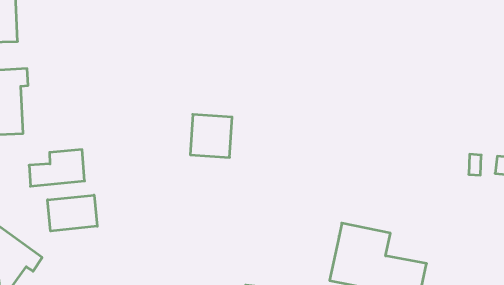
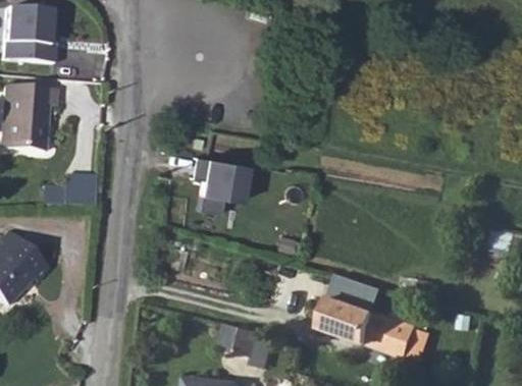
building: [48,195,97,231] -> none

